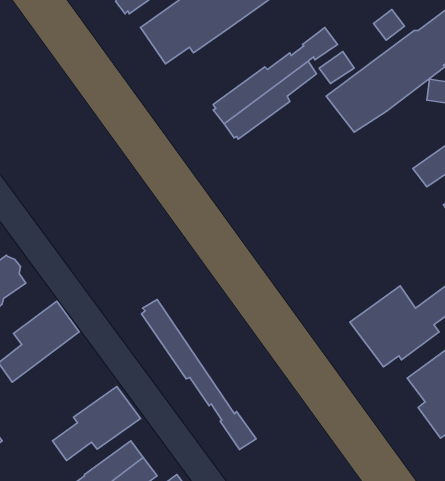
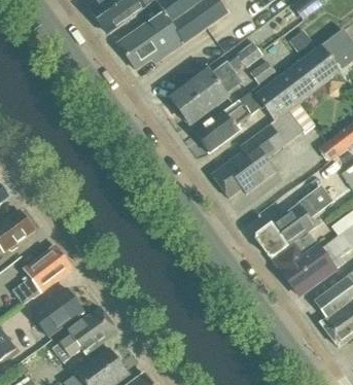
building: none -> [195,92,261,152]
building: none -> [210,104,314,198]
building: none -> [255,186,331,257]
building: [141,299,256,450] -> none
building: none -> [32,287,83,336]

